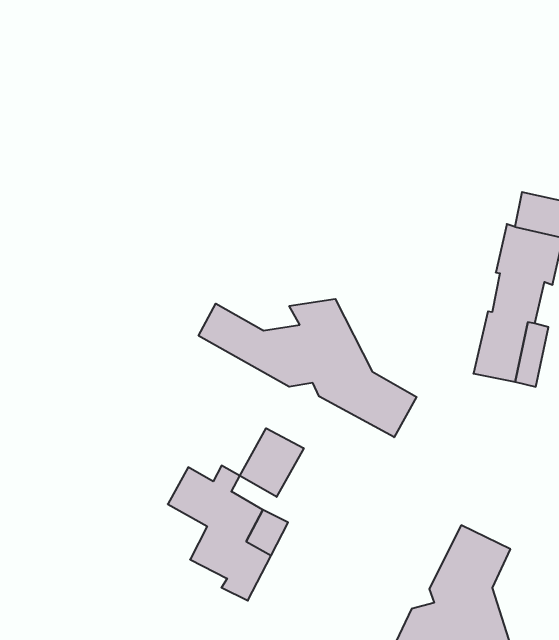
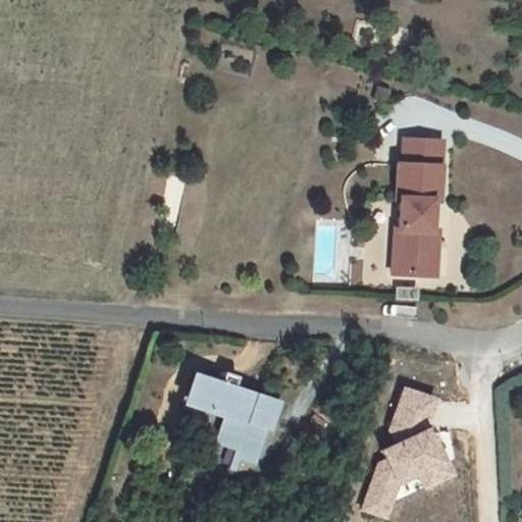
building: [199,299,417,437] -> none
building: [240,428,304,497] -> none

